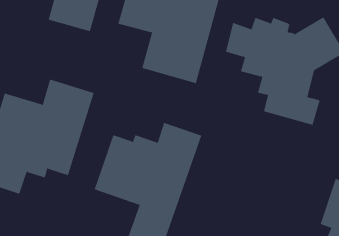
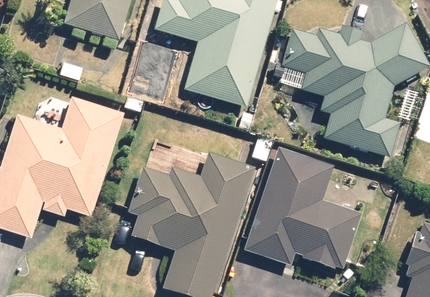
building: none -> [243,146,361,272]

